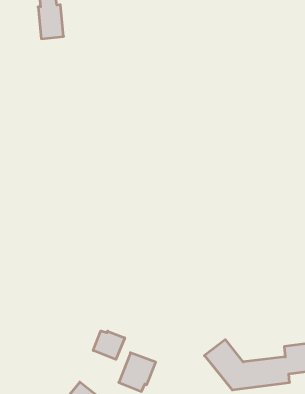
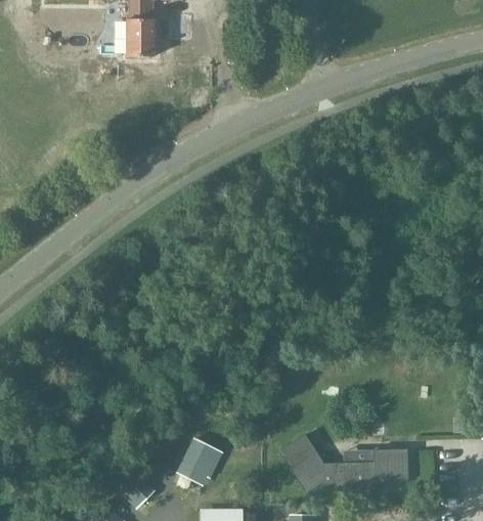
building: [93,331,125,359] -> none

